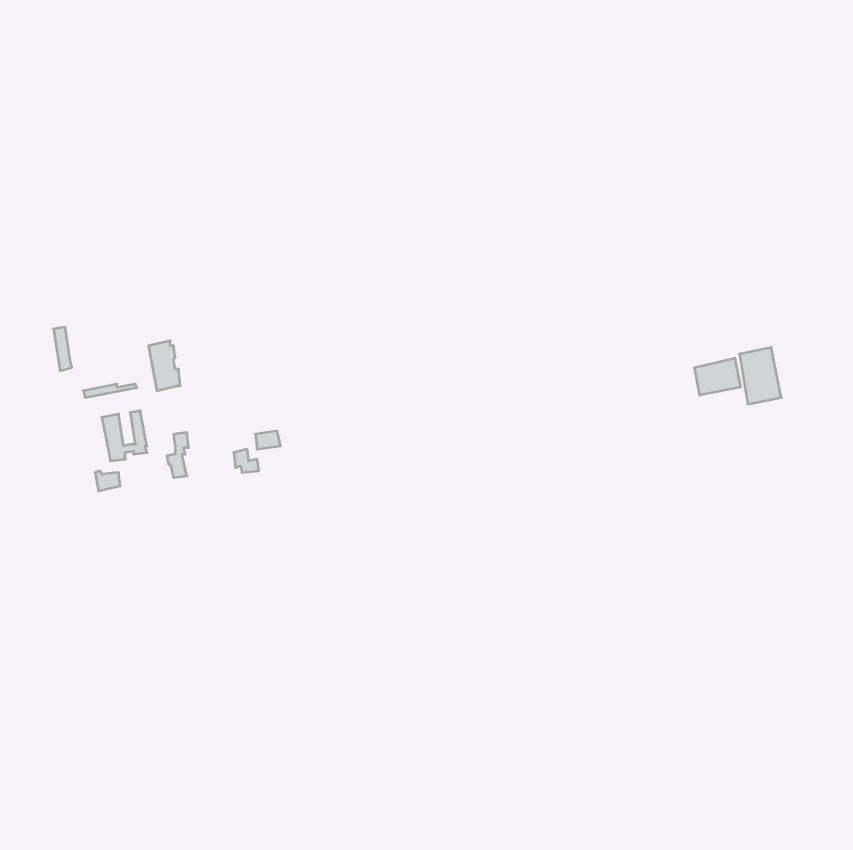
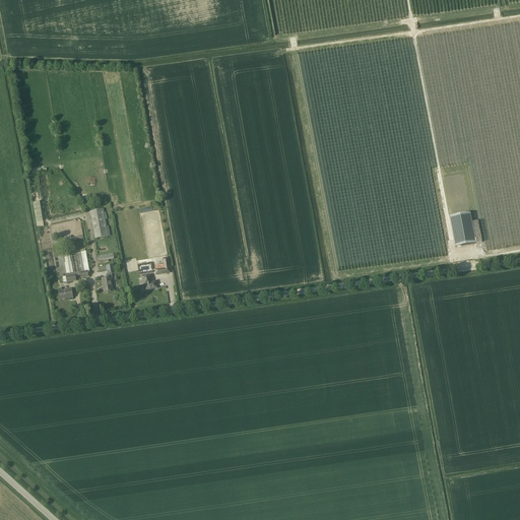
building: [694,358,741,395] -> none

